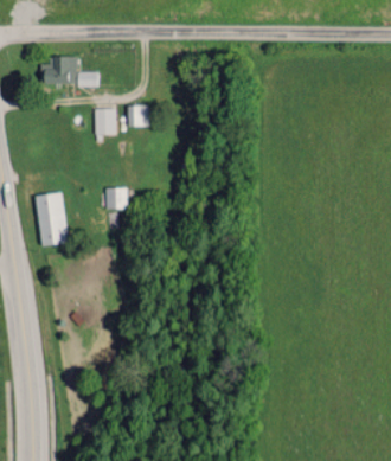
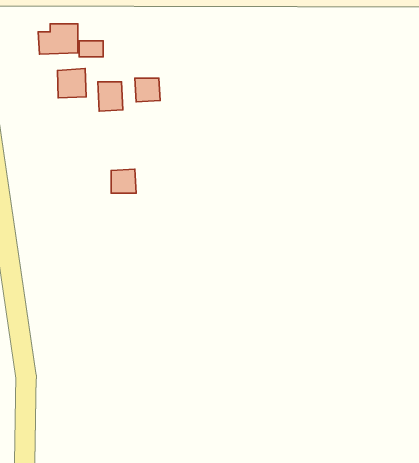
building: none -> [57,69,86,98]
building: [34,192,69,246] -> none

